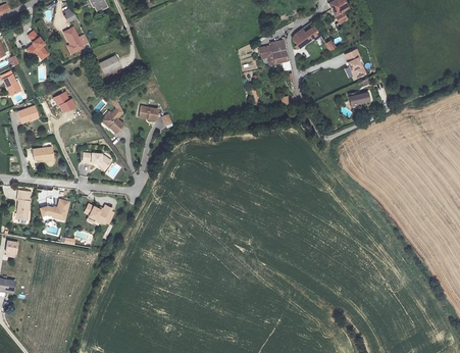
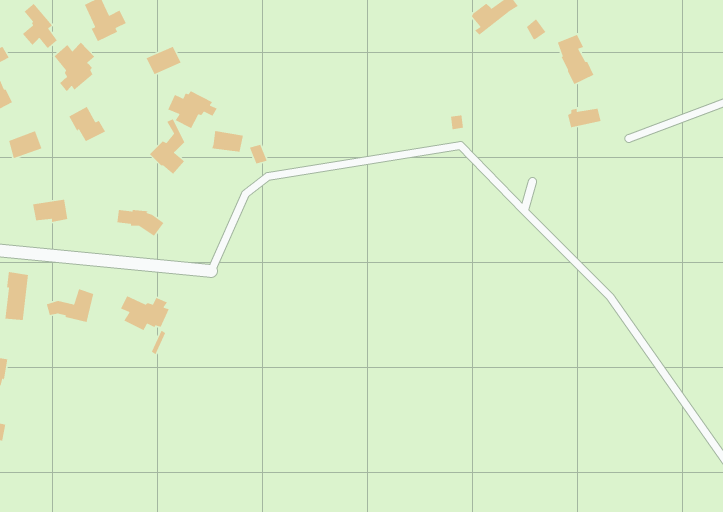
building: [260,40,288,64] -> none
building: none -> [53,42,95,92]
building: none -> [167,90,218,129]

